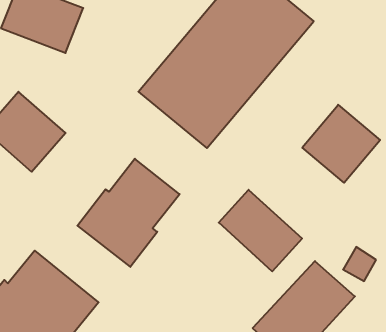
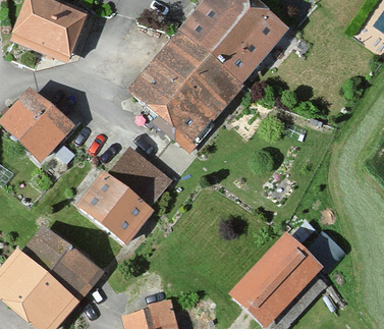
building: [302,105,380,183] -> none
building: [219,190,302,271] -> none

